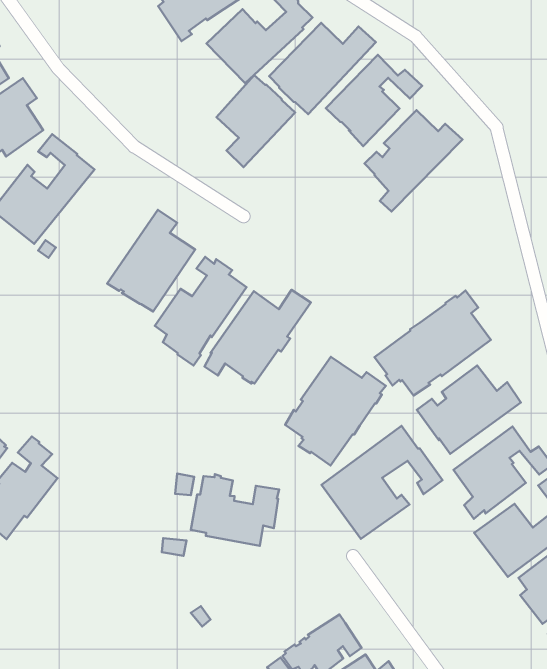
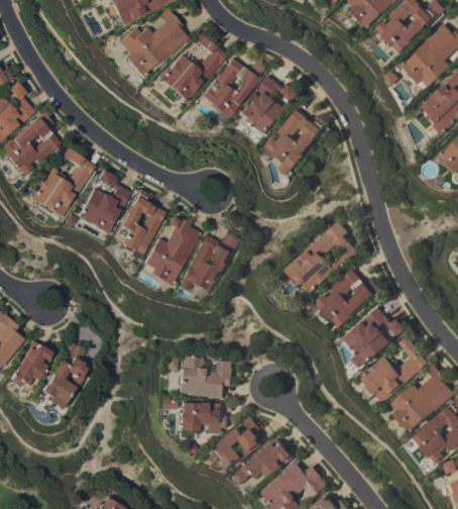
building: [216,75,295,167] -> none
building: none -> [75,170,128,234]
building: [285,357,386,466] -> none
building: [322,426,442,539] -> none
building: none -> [178,403,227,433]
building: none -> [210,418,263,472]

